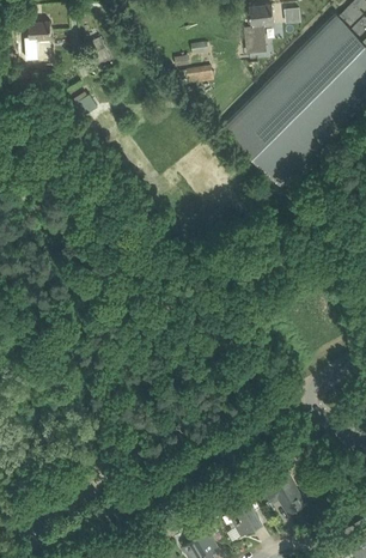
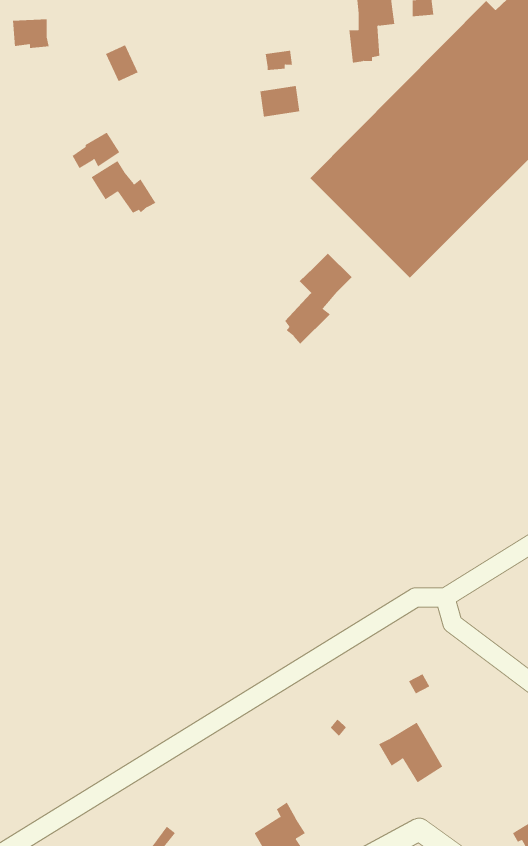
building: none -> [91,160,156,213]
building: none -> [284,253,353,344]
building: [227,501,262,535] -> none

